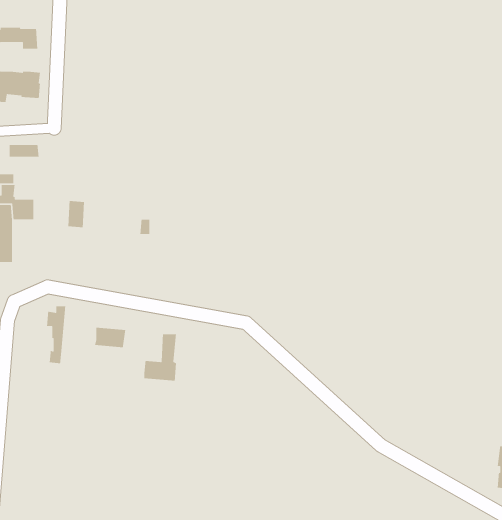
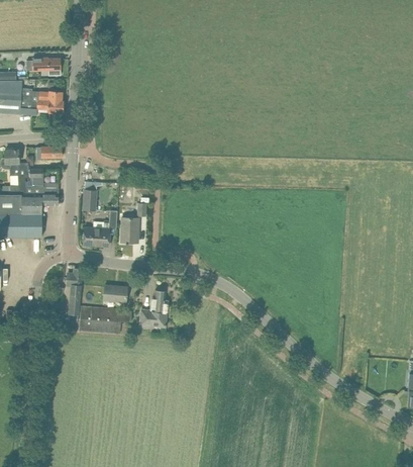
building: none -> [83,209,117,246]
building: none -> [121,216,138,243]
building: none -> [79,305,130,333]

